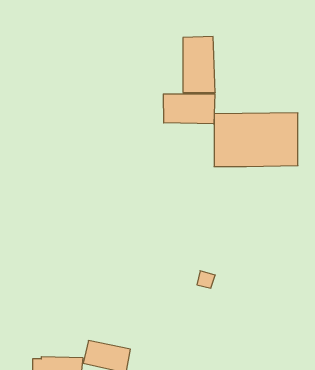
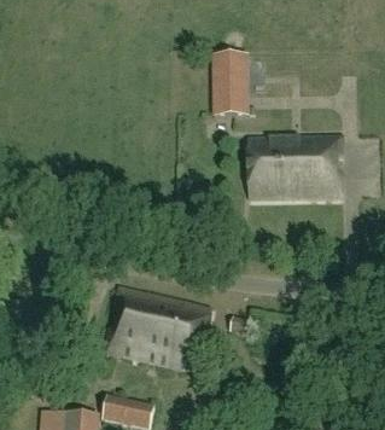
building: [163,94,215,124] -> none
building: none -> [104,286,209,371]

